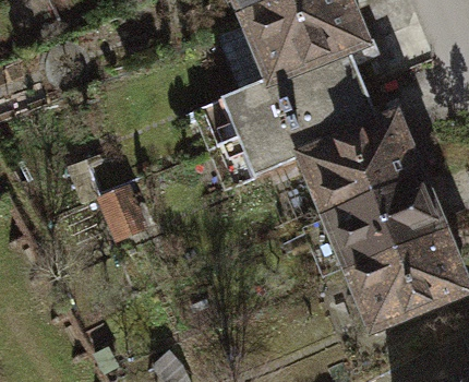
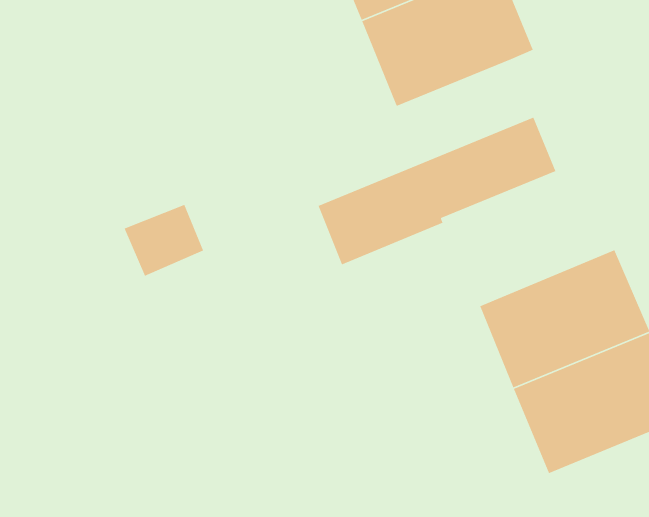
building: [202,50,365,148] -> none
building: [303,119,420,216] -> none

